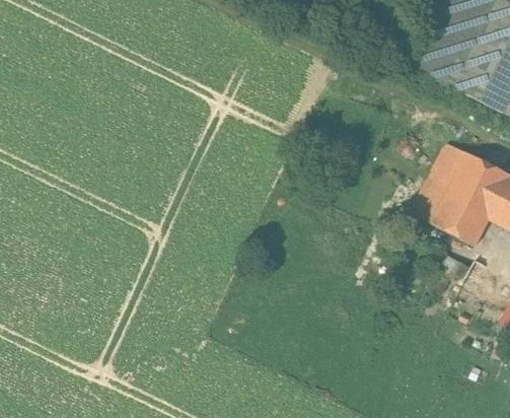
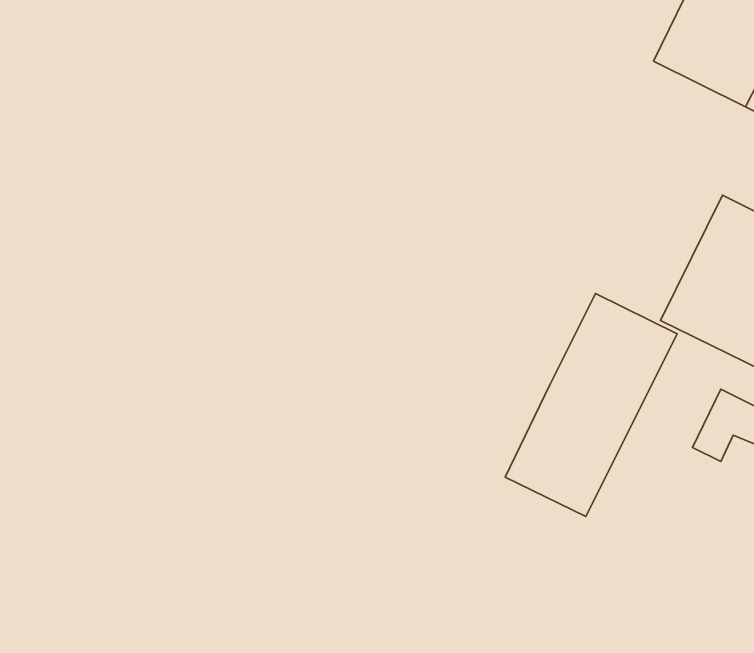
building: none -> [505,293,677,516]

